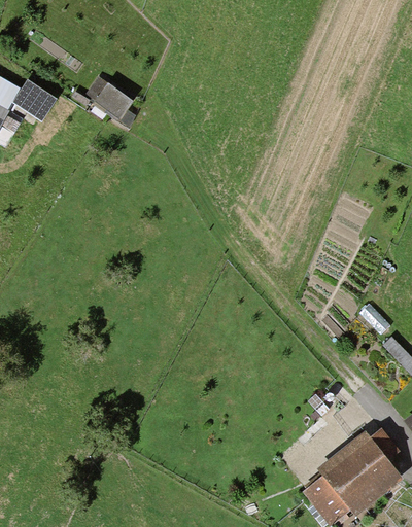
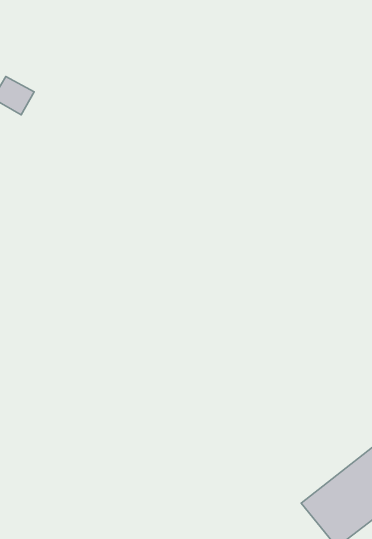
building: [83,77,130,119] -> none

